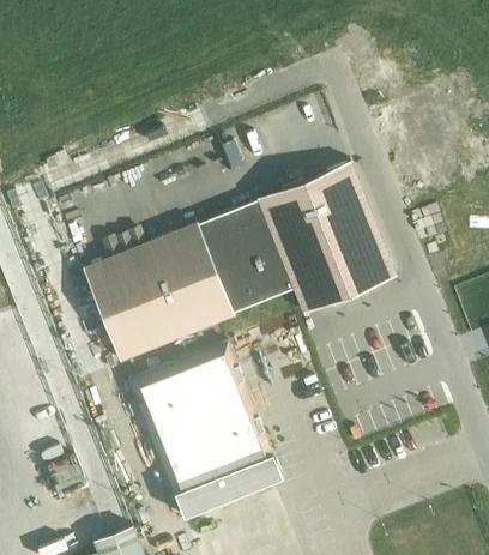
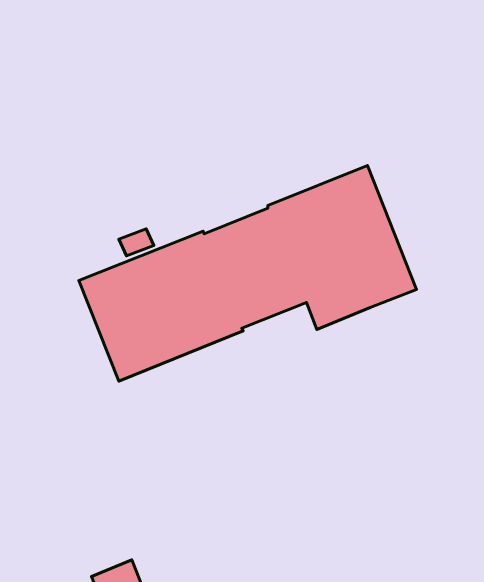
building: [128,344,280,519] -> none

